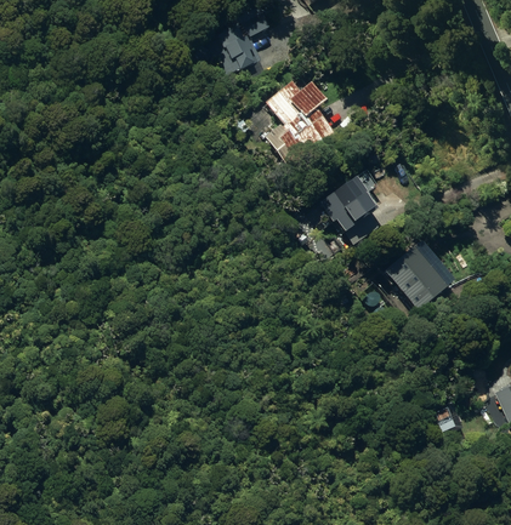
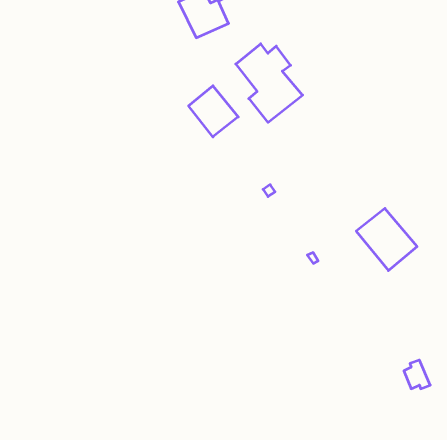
building: none -> [189,86,238,137]
building: [320,177,376,230] -> none

